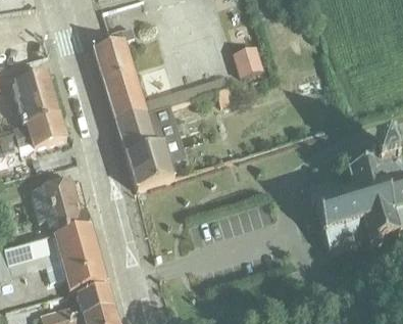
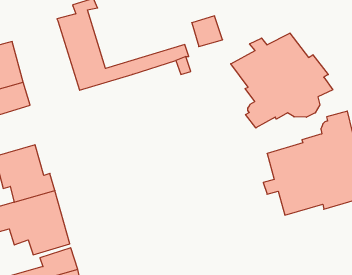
building: none -> [231,33,333,128]
building: [116,105,186,189] -> none

